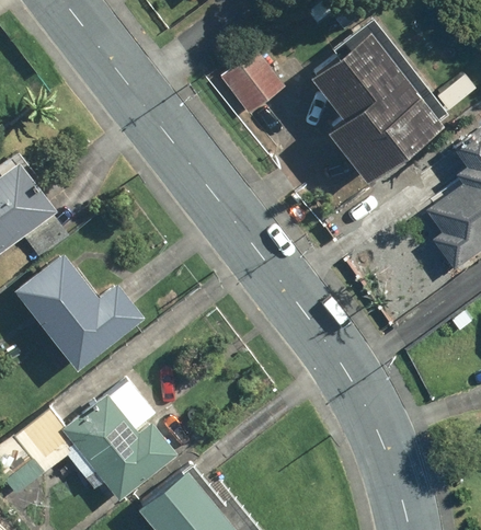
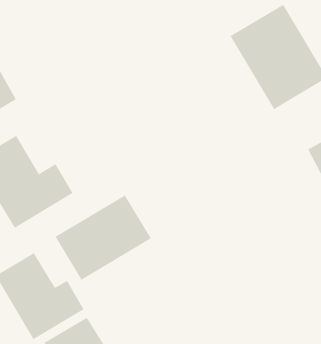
building: [221,59,280,117] -> none
building: none -> [55,194,152,281]

